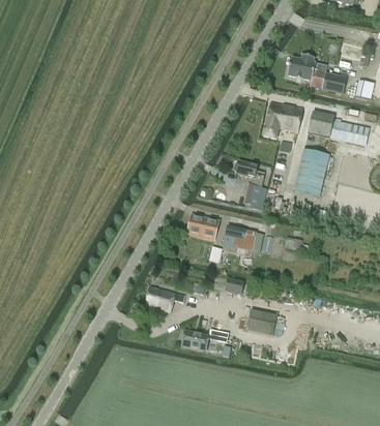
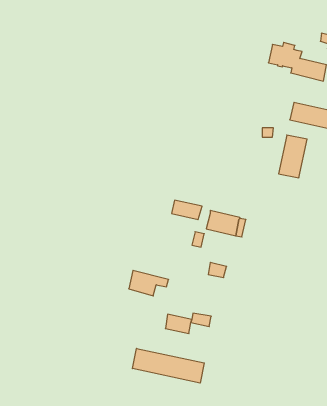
building: [263,101,303,138] -> none
building: [234,160,266,210] -> none
building: [246,309,277,334] -> none
building: none -> [132,348,204,383]

